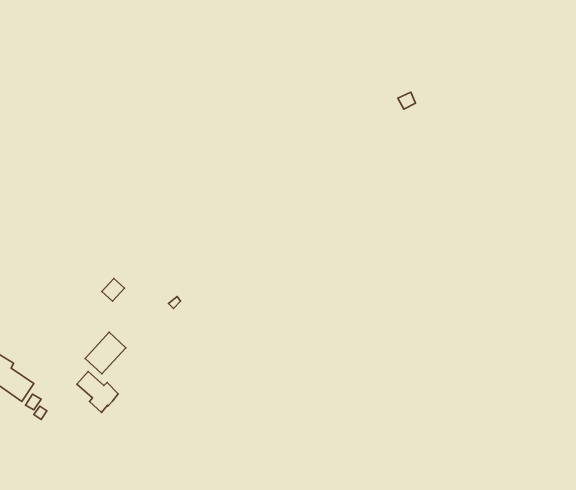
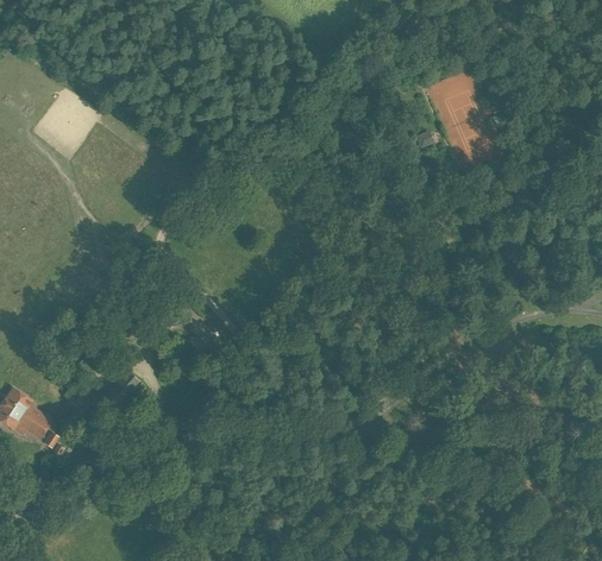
building: [77,372,118,413] -> none

